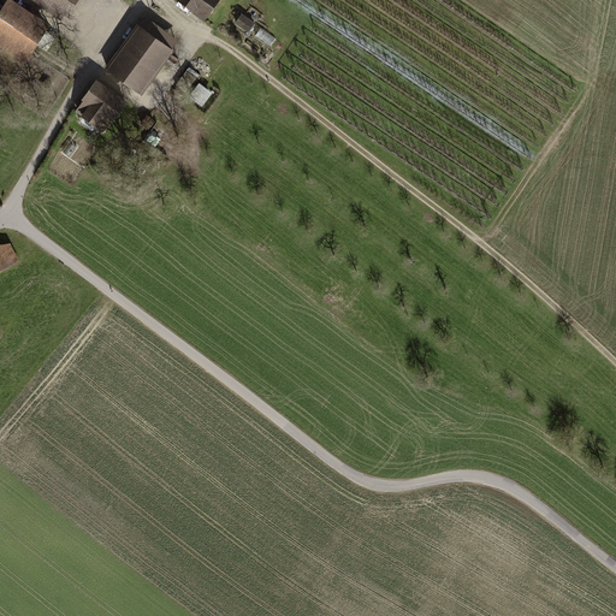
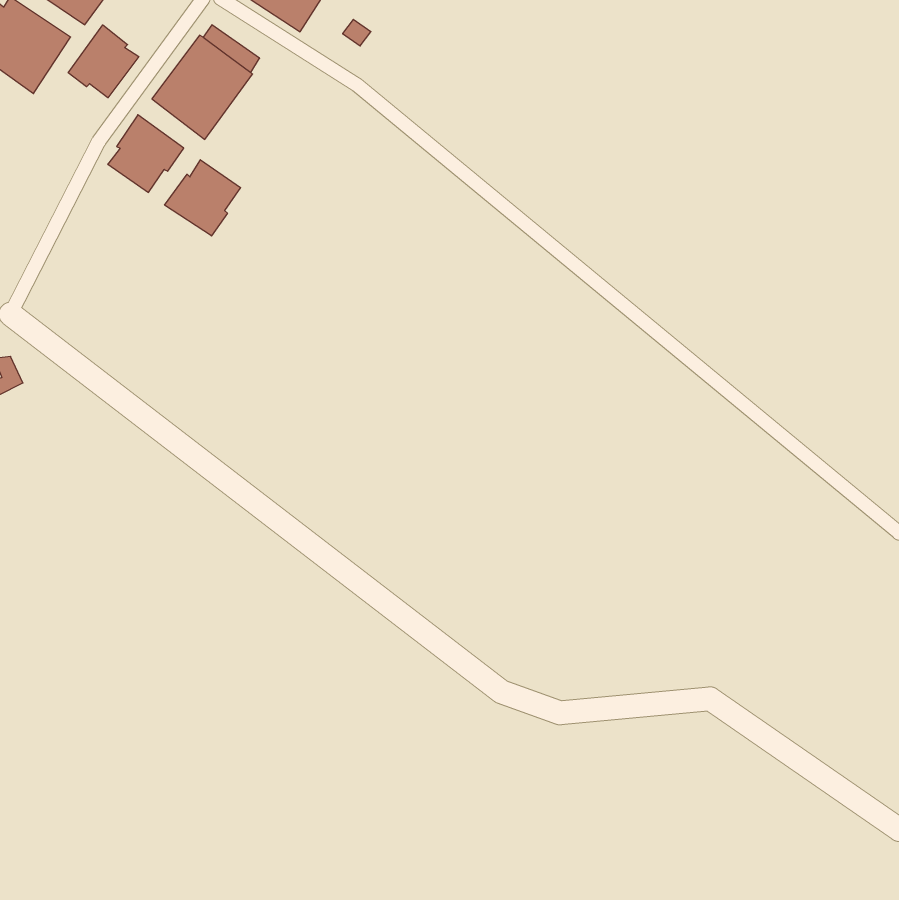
building: none -> [68,25,139,98]
building: none -> [165,160,241,236]

